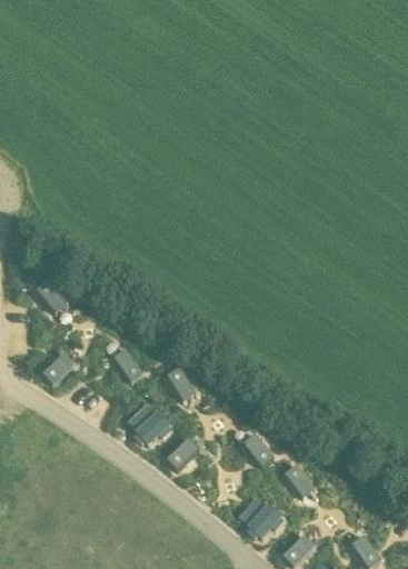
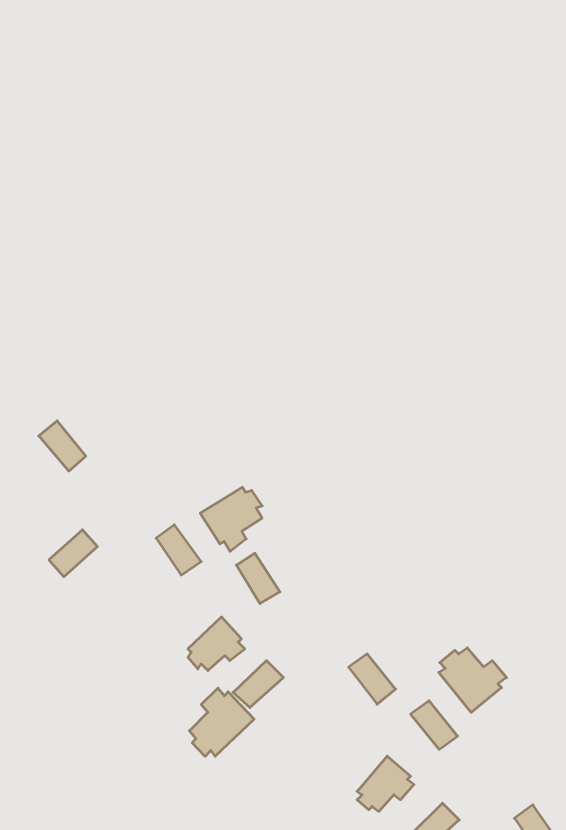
building: none -> [200,487,262,551]
building: none -> [439,648,507,712]
building: none -> [189,688,254,756]

